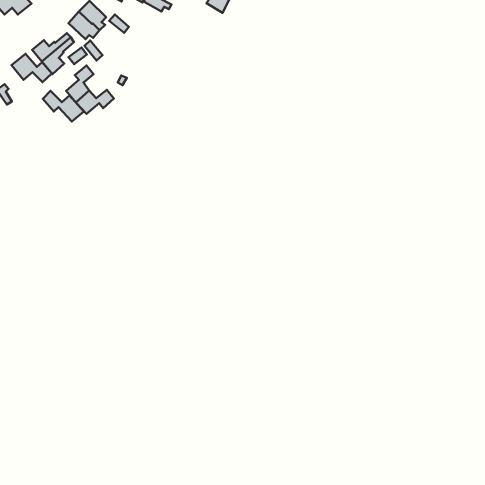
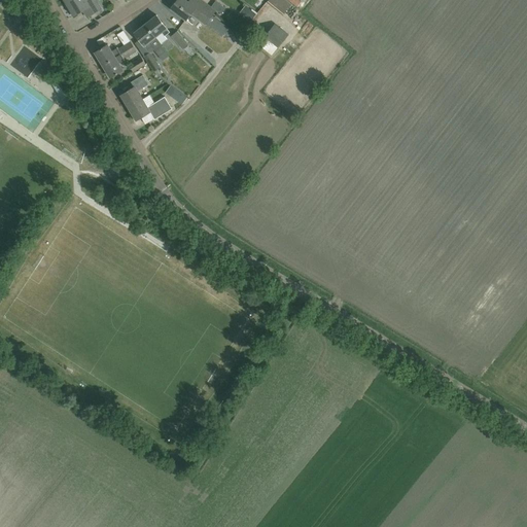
building: [11,54,52,82] -> none
building: [43,91,84,122] -> none

